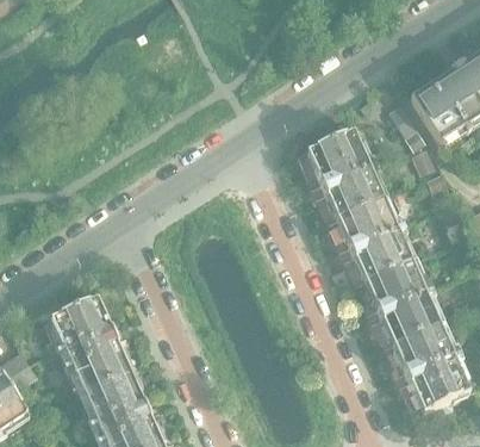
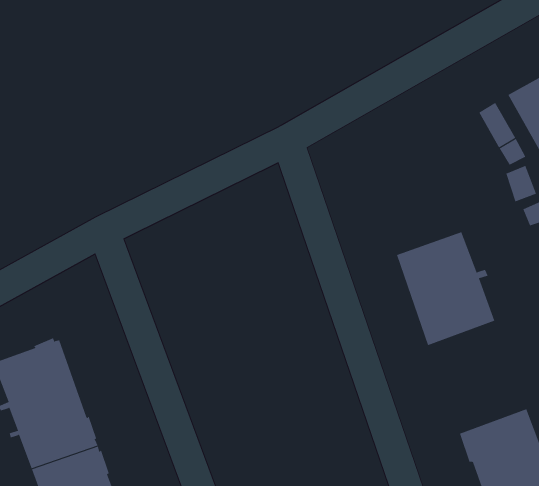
building: [306,129,382,218] -> none
building: [363,261,438,344] -> none

